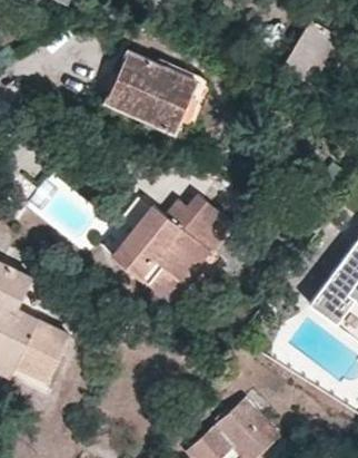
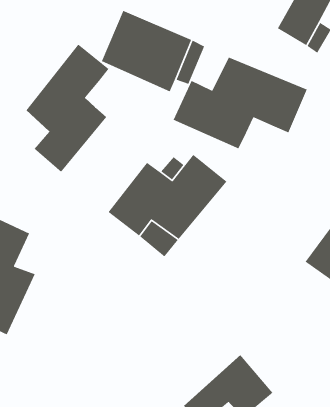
building: none -> [26,43,110,173]
building: none -> [172,56,308,150]
building: [11,318,66,392] -> none

